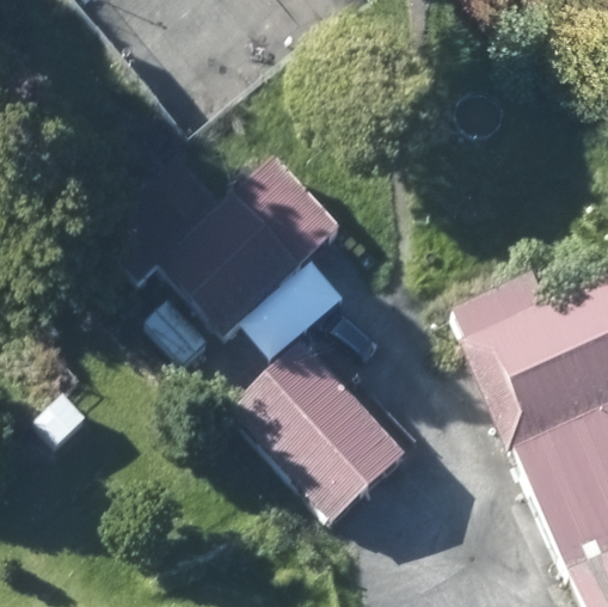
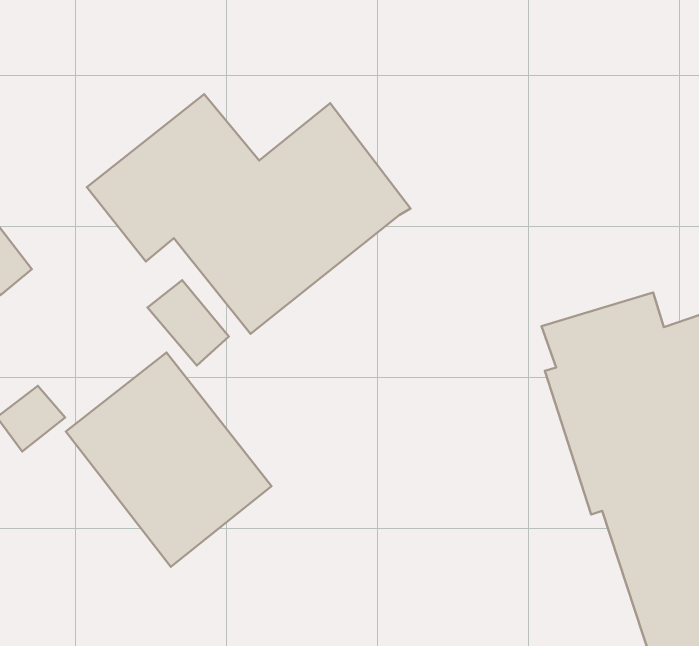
building: [233,348,398,515] -> [66,353,272,567]

